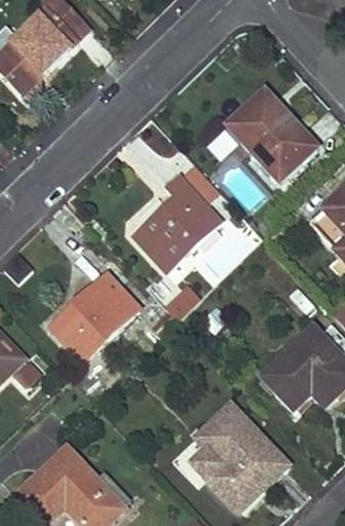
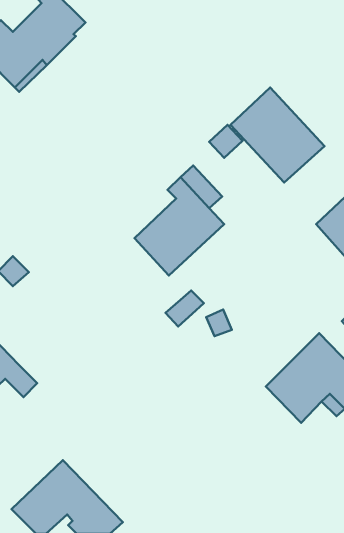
building: [50,271,140,360] -> none
building: [191,404,289,506] -> none

